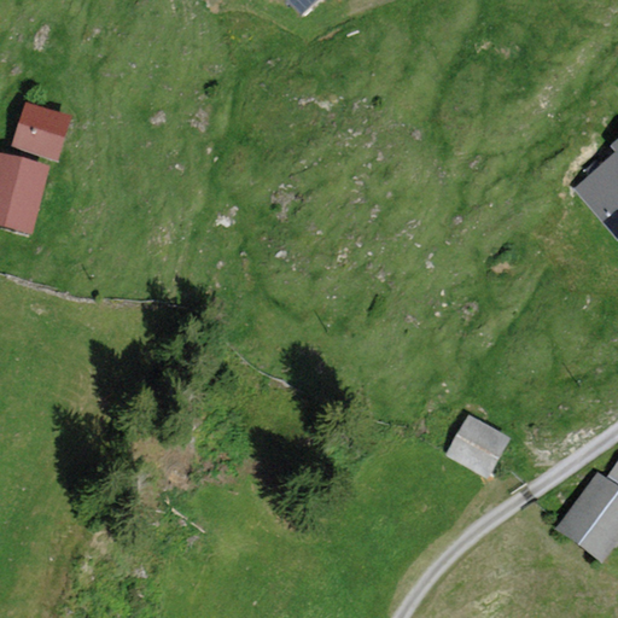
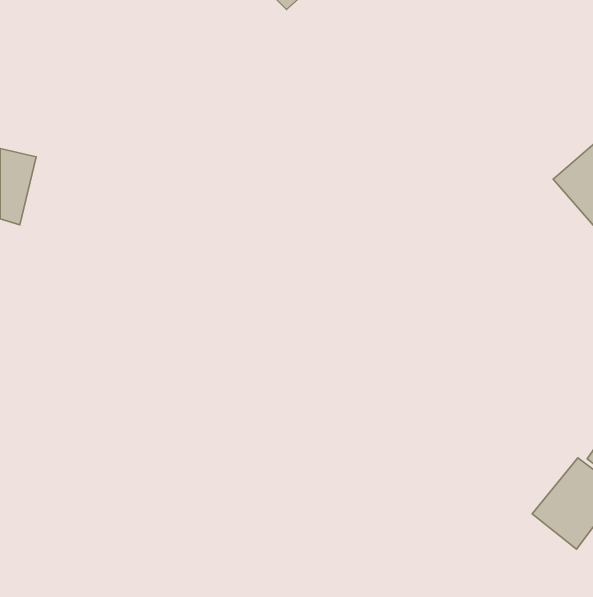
building: [10,100,65,156] -> none
building: [444,414,512,480] -> none

